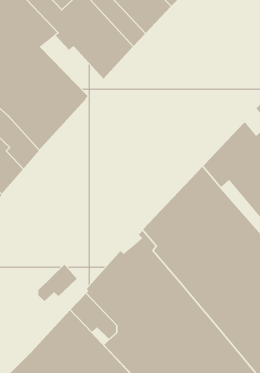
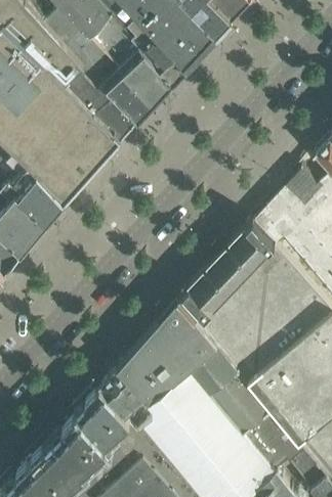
building: none -> [66,71,138,141]
building: [38,264,77,302] -> none

